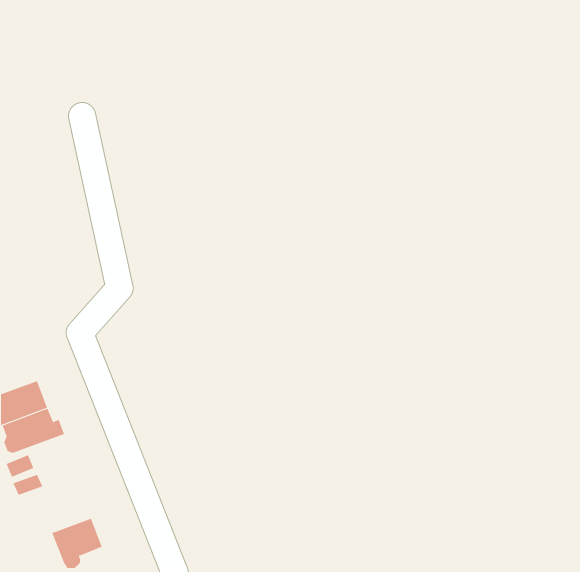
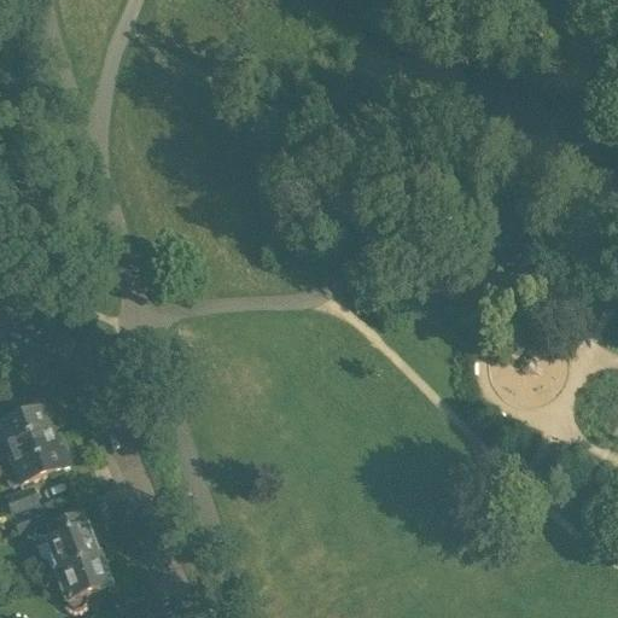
building: none -> [39,508,98,567]

